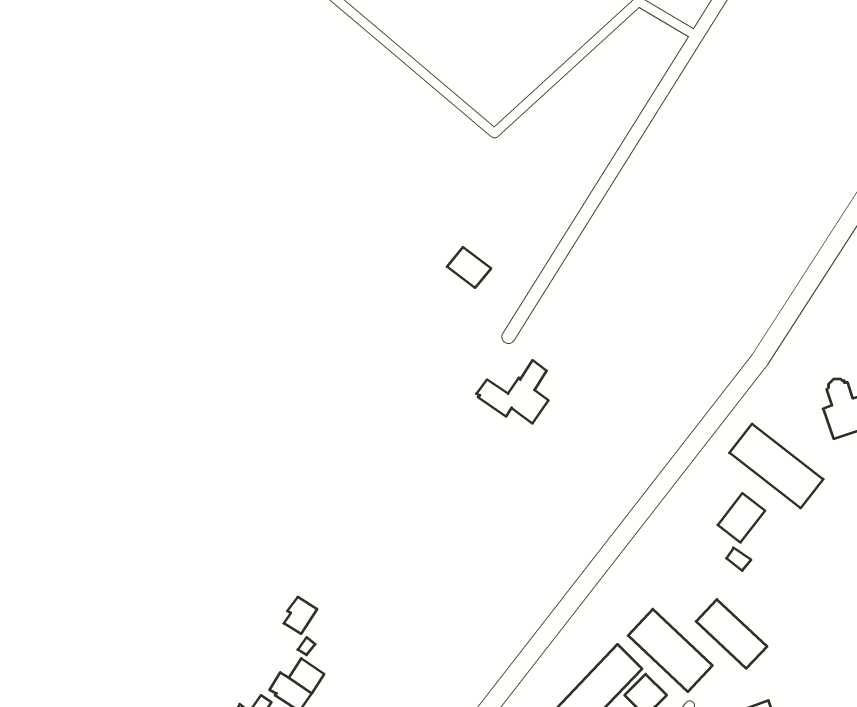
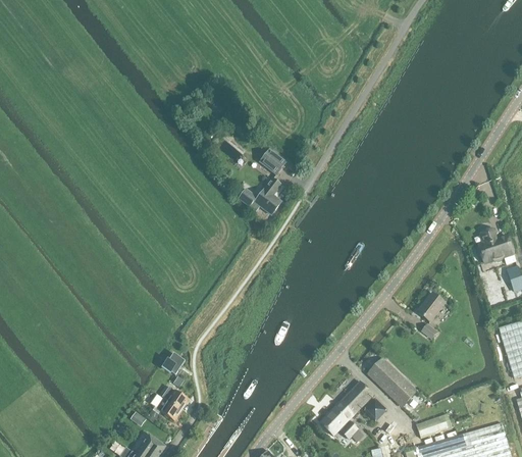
building: [476,360,548,423] -> [240,177,281,214]
building: [729,424,823,508] -> none
building: [696,599,767,668] -> none

